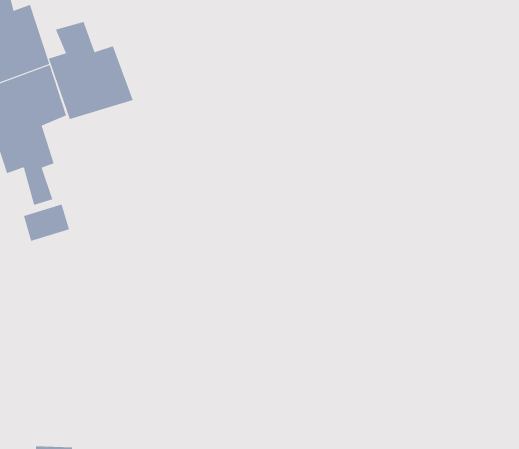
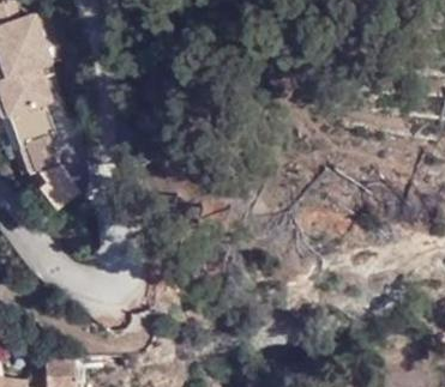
building: [48,21,133,120] -> none

